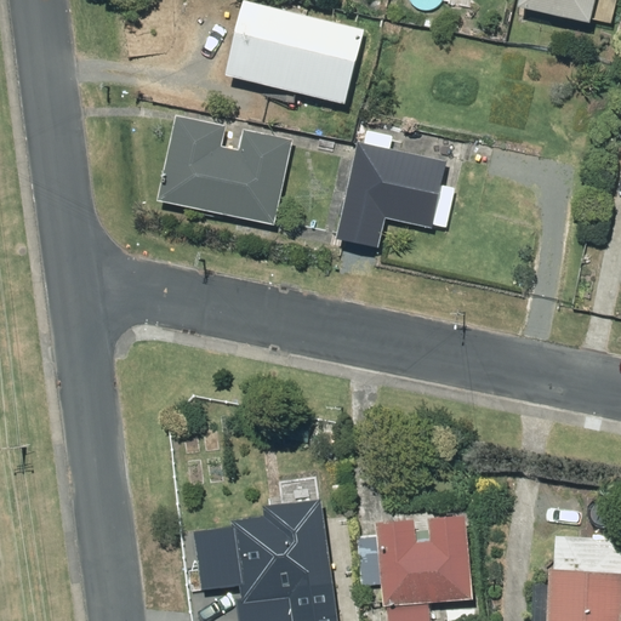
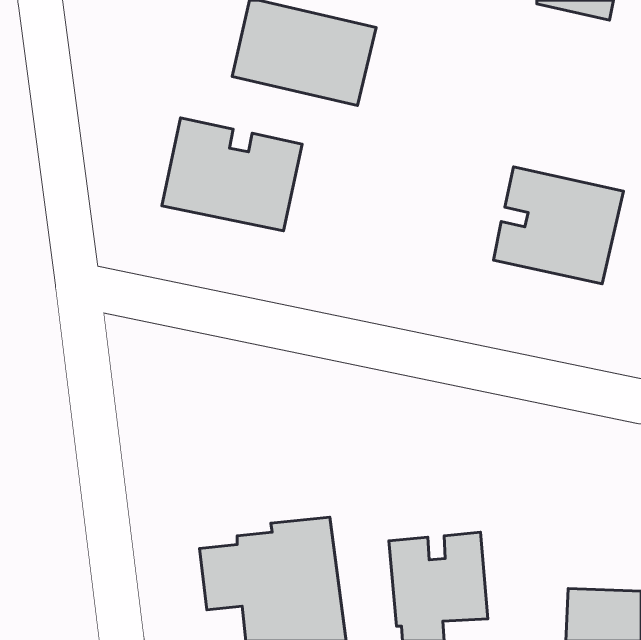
building: [336,142,445,246] -> none
building: none -> [494,167,623,284]

